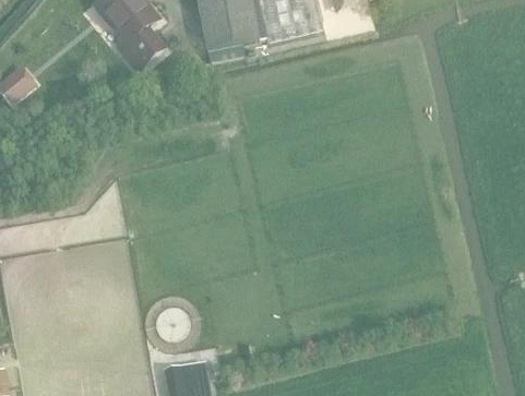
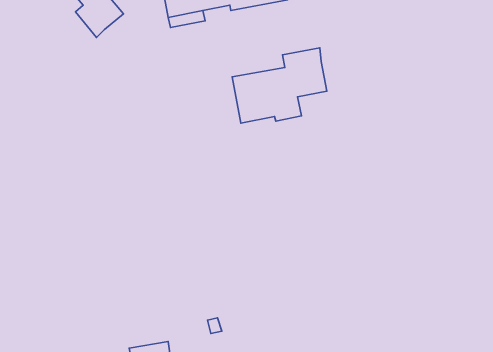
building: none -> [232,48,327,123]

